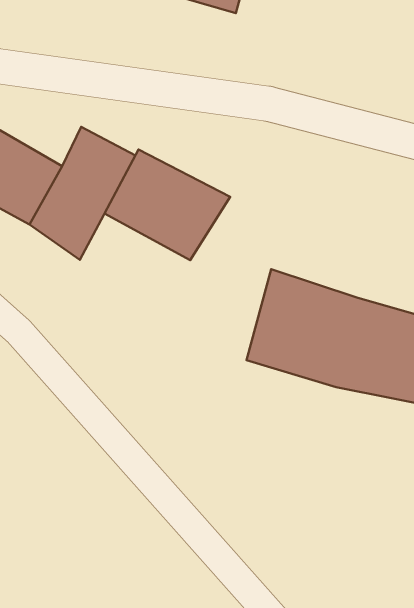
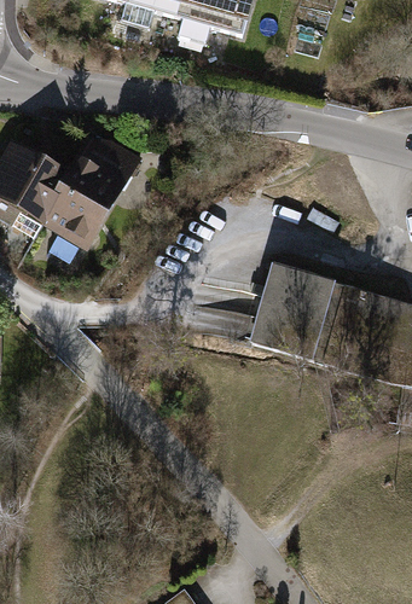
building: [104,149,230,260] -> none

